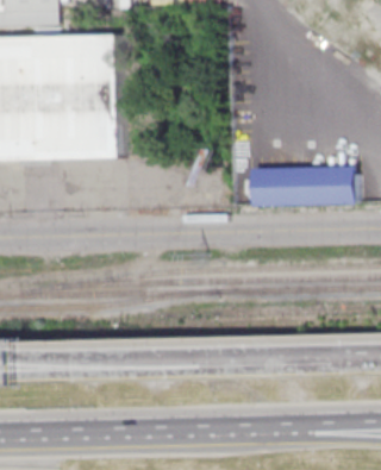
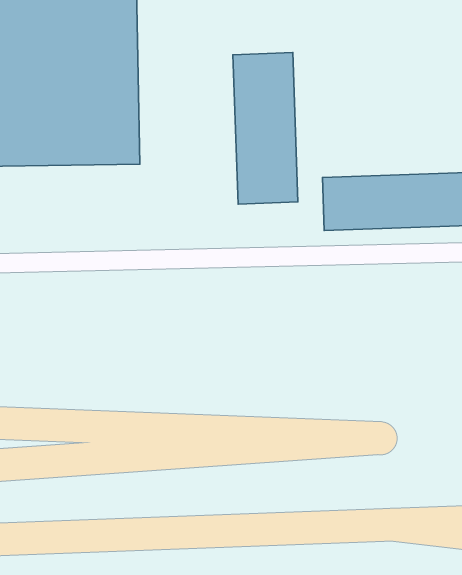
building: none -> [233,53,298,204]

